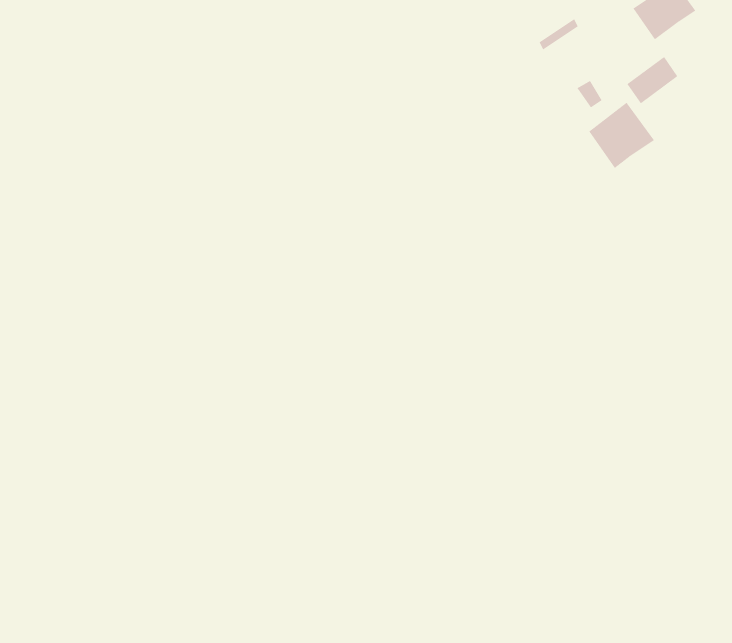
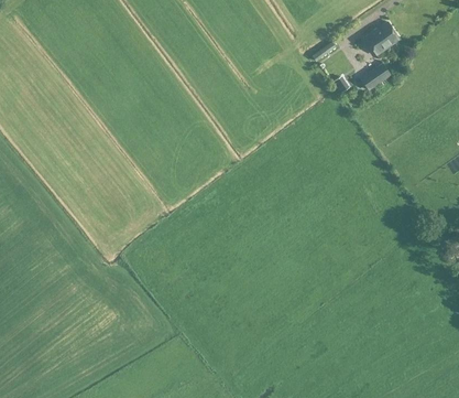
building: [588,102,655,169] -> none

